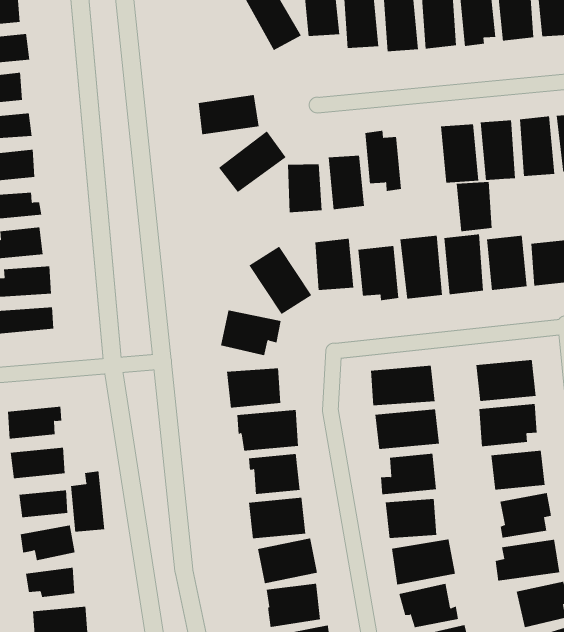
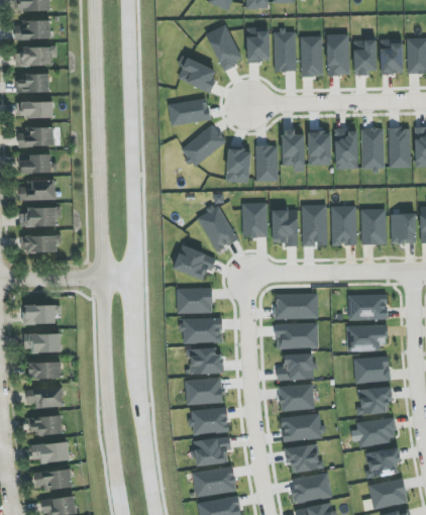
building: none -> [178,58,216,93]
building: [456,181,493,232] -> [308,132,331,166]
building: [71,471,105,532] -> none

